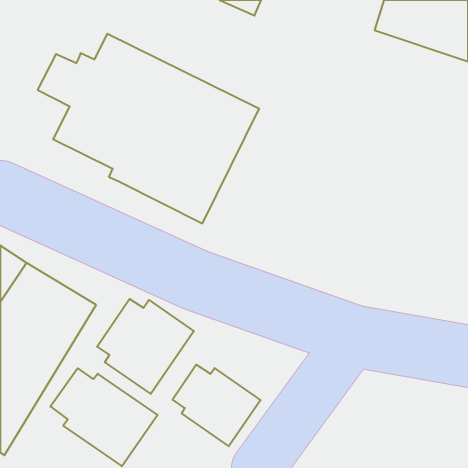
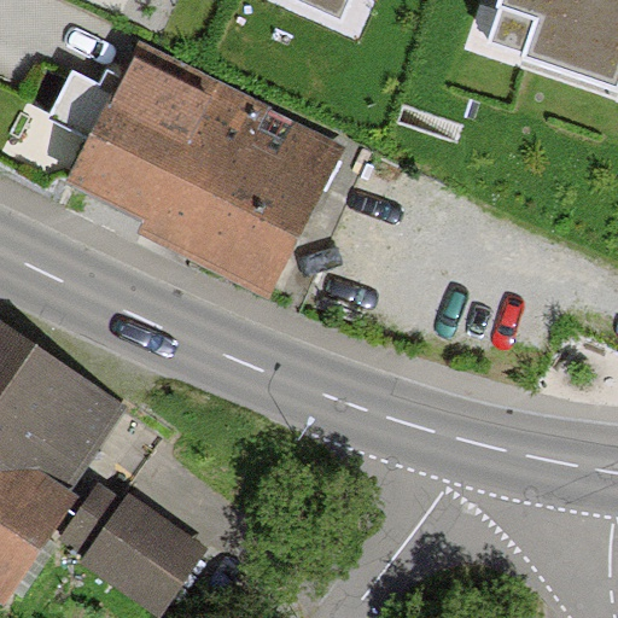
building: [97,299,194,394] -> none
building: [173,365,261,446] -> none

